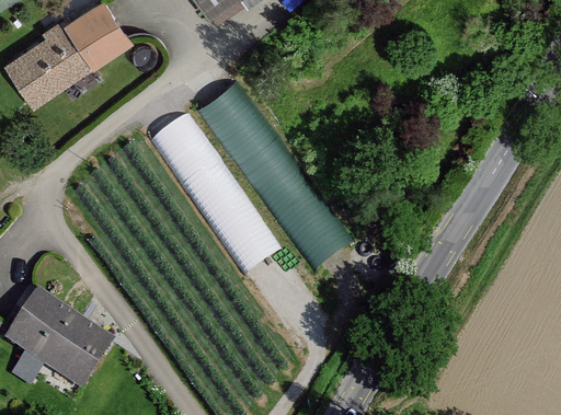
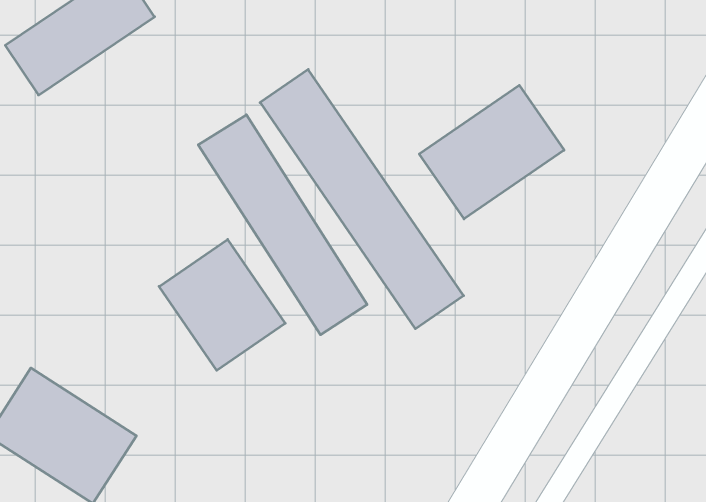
building: none -> [419,85,564,219]
building: none -> [159,239,285,370]

